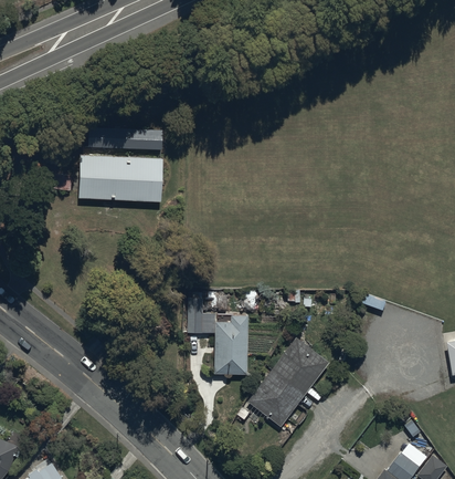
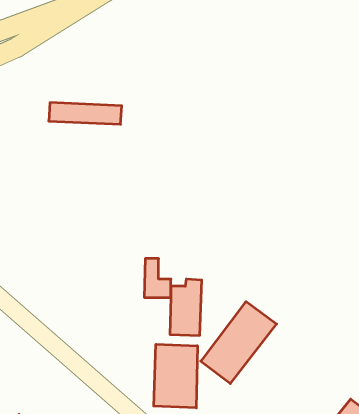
building: [78,155,163,201] -> none
building: none -> [154,344,197,408]

